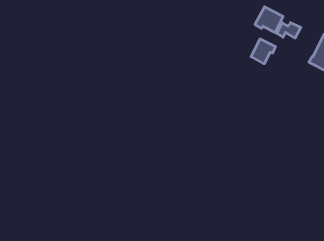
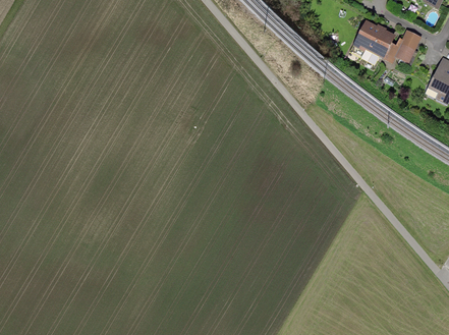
building: [251,39,275,64] -> none

